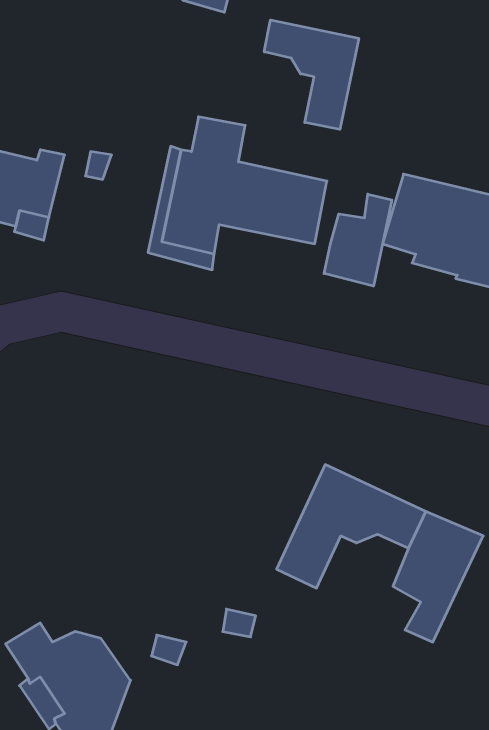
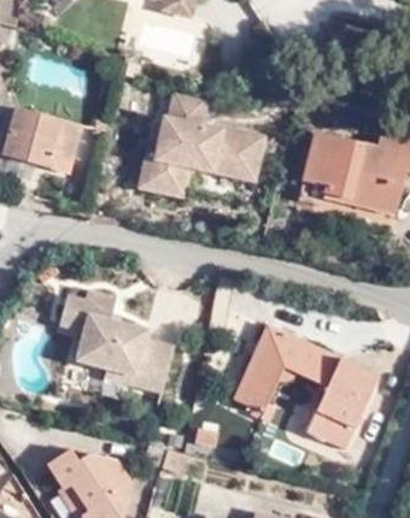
building: [264,20,359,129] -> none
building: [324,194,392,286] -> none
building: none -> [61,284,174,394]

